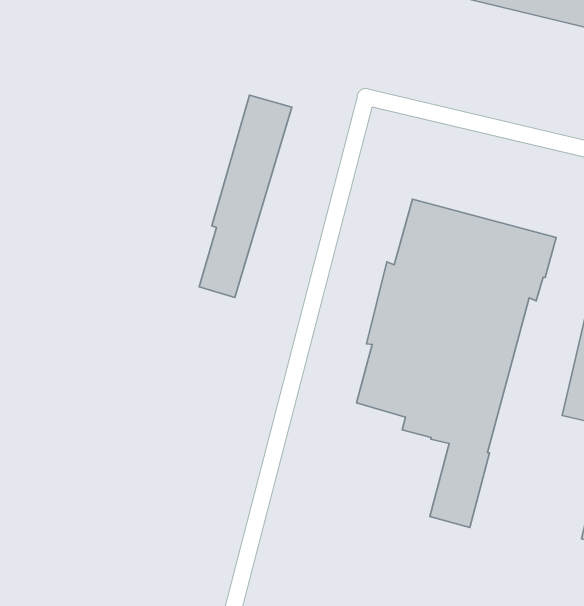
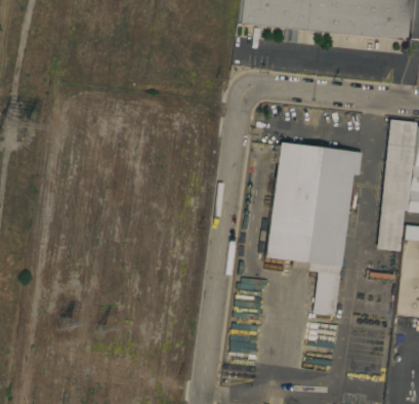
building: [199,95,292,298] -> none

